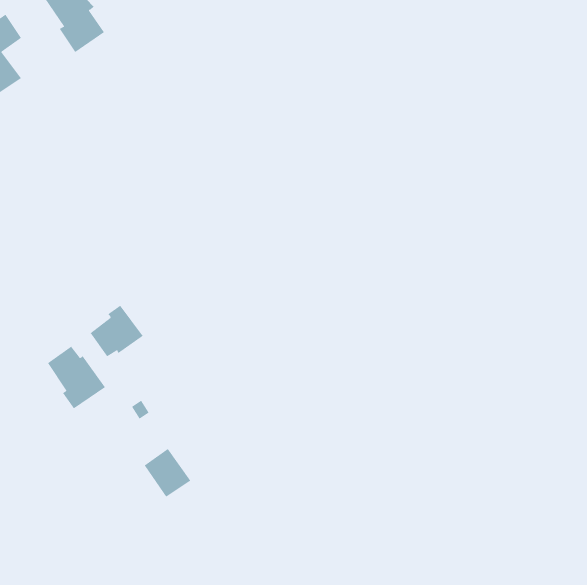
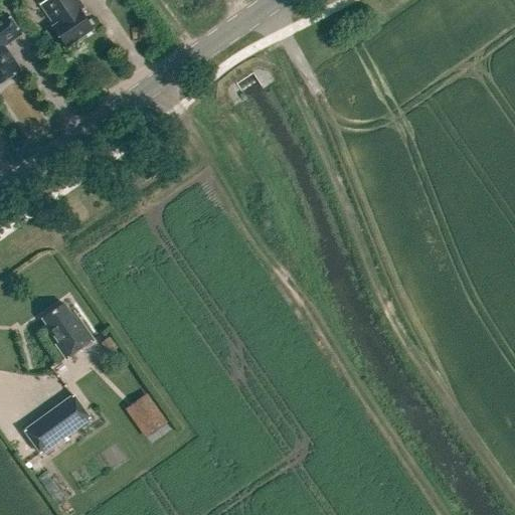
building: [90,305,144,357] -> none
building: none -> [23,394,89,453]

